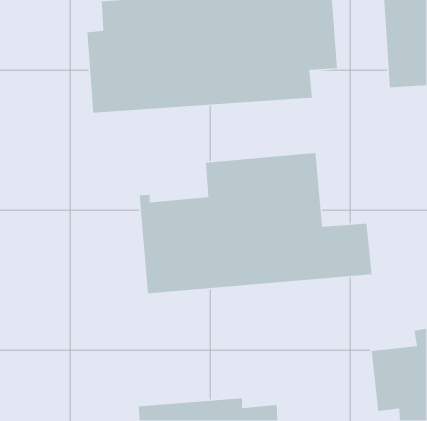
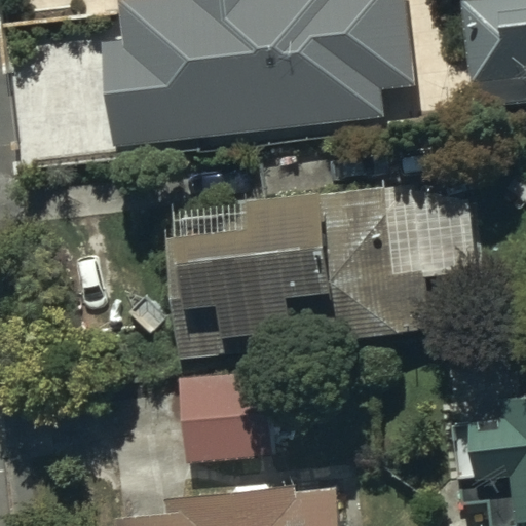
building: none -> [177,369,276,460]

